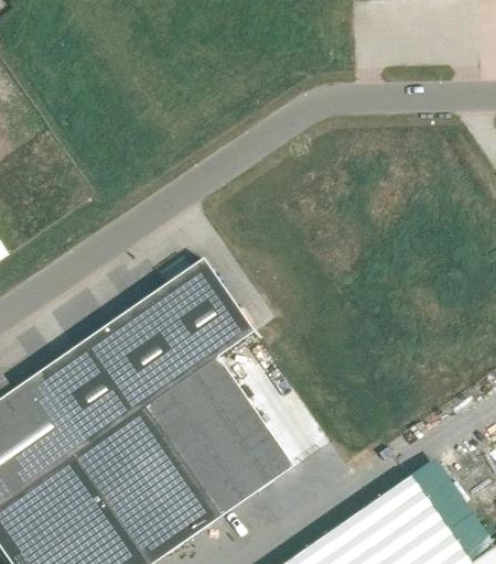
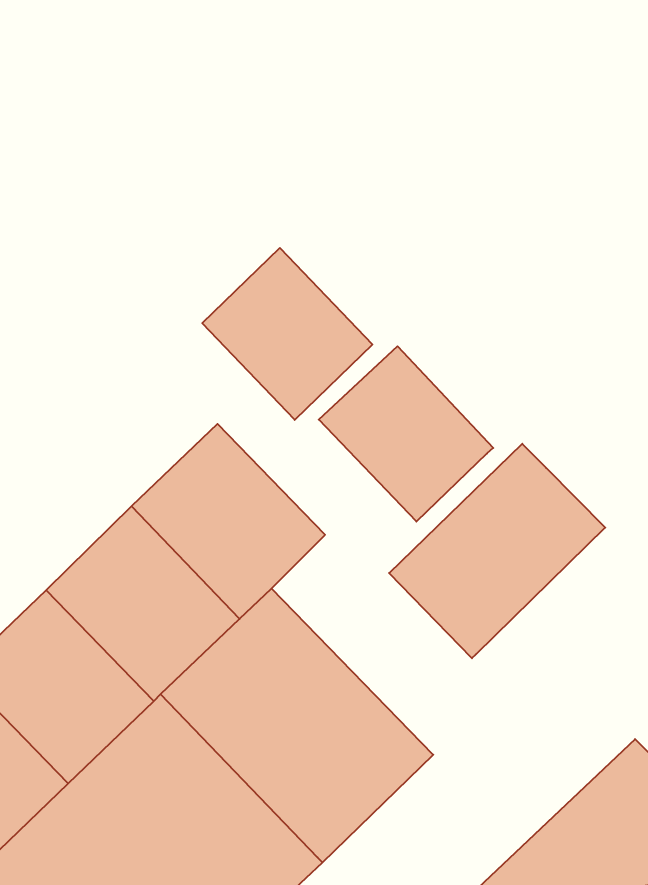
building: none -> [202,248,372,420]
building: none -> [319,346,493,522]
building: none -> [389,444,605,658]

